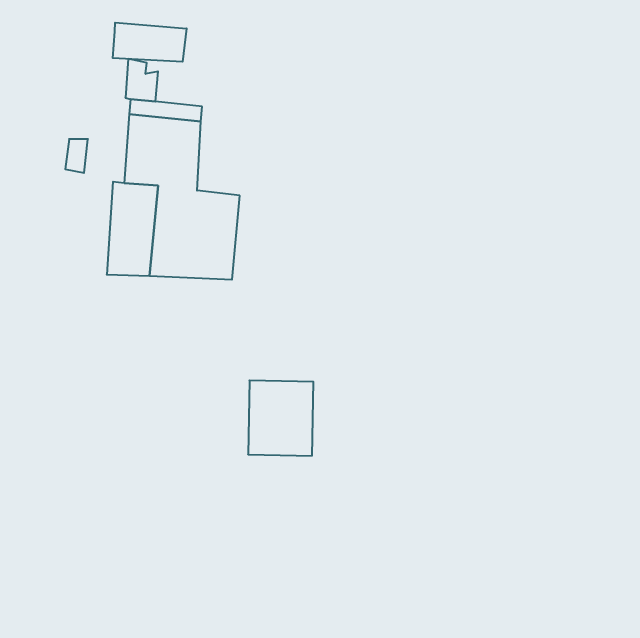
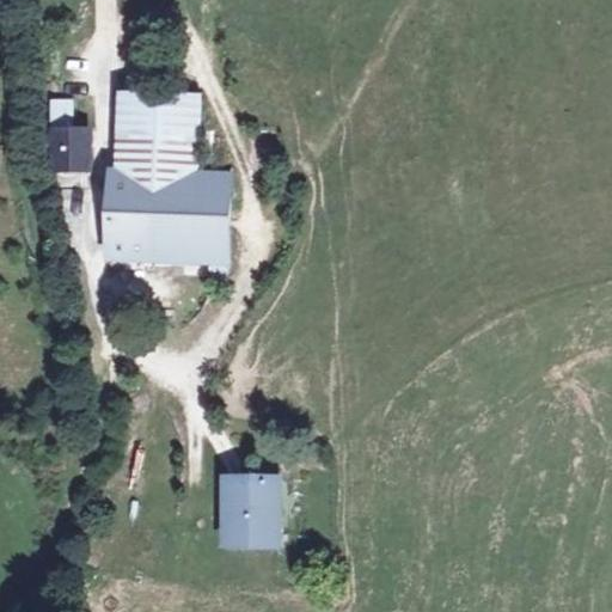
building: [113,23,187,62] -> none
building: [248,380,313,456] -> [219,475,281,546]

